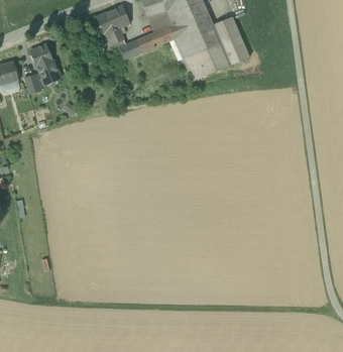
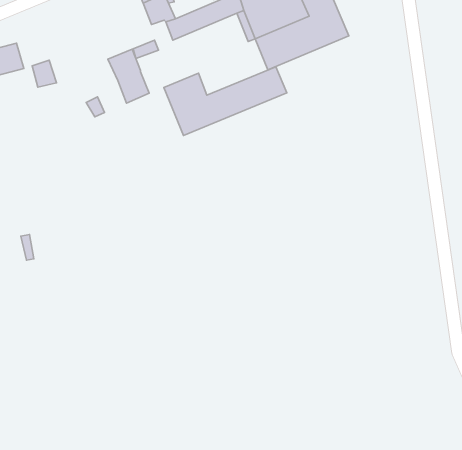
building: [29,43,59,82] -> [108,49,149,103]
building: none -> [164,67,287,135]

